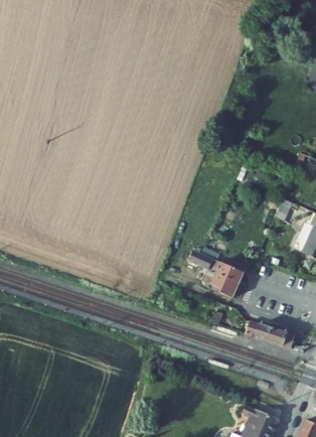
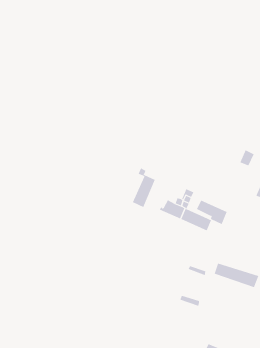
building: none -> [132,167,156,208]
building: [205,271,240,298] -> [196,200,228,225]

